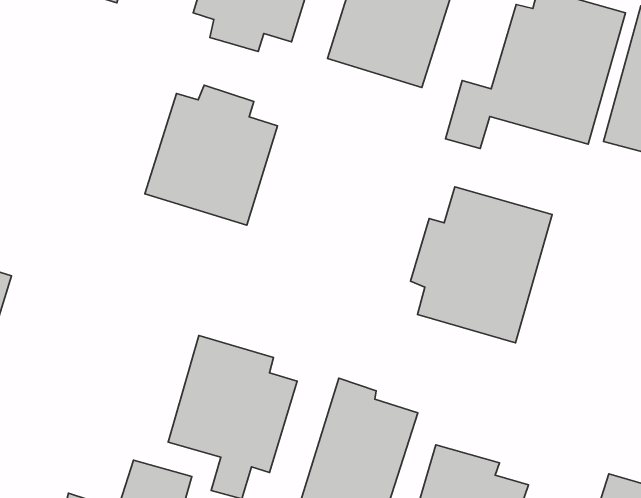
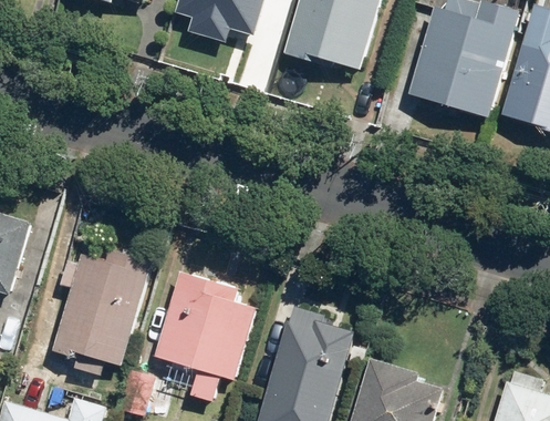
building: [145,85,278,225] -> none
building: [410,187,552,343] -> none
building: none -> [53,249,155,367]

